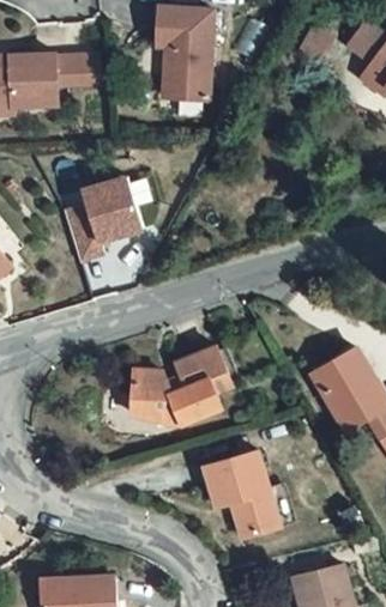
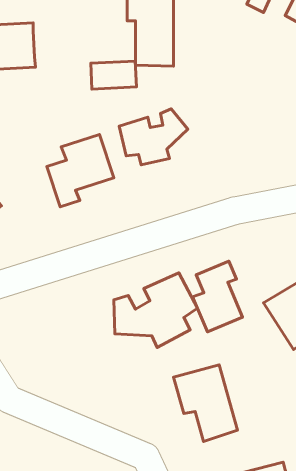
building: [46,59,98,91] -> [91,61,136,89]
building: none -> [119,109,188,165]
building: none -> [193,261,243,332]

